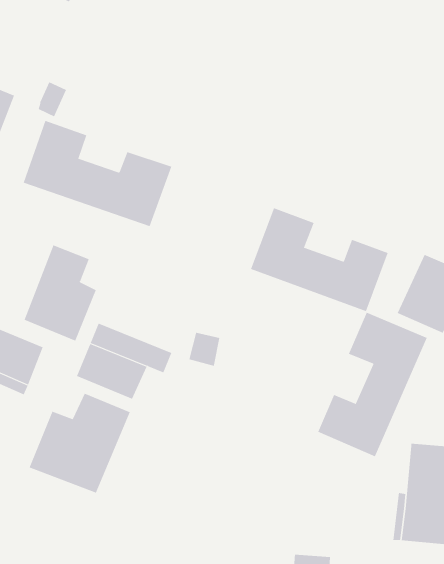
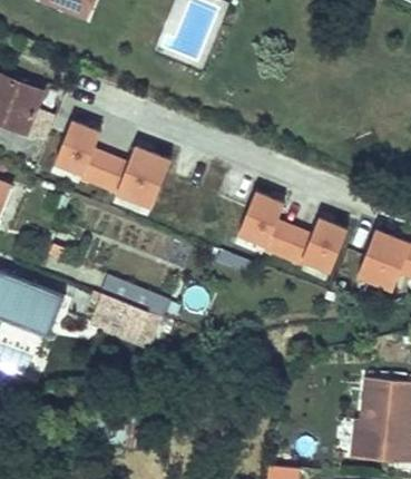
building: [24,245,96,342] -> none
building: [317,312,427,457] -> none
building: [29,393,130,493] -> none

